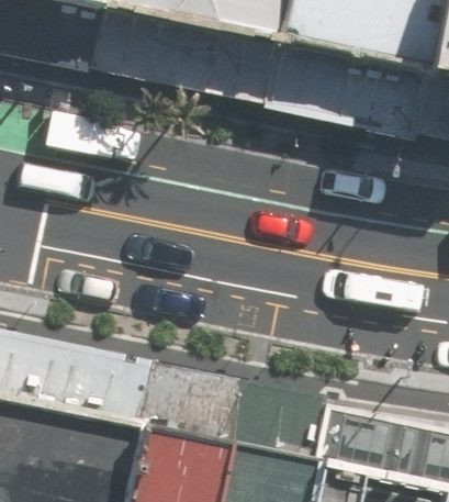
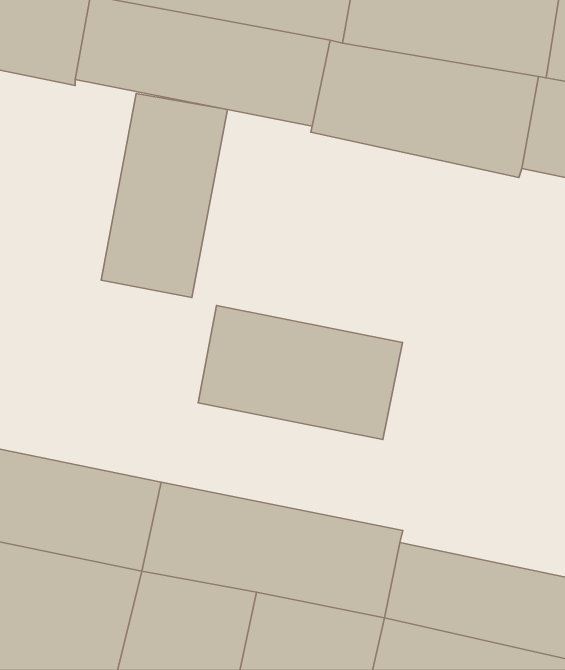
building: none -> [101,93,227,297]
building: none -> [198,305,402,440]

